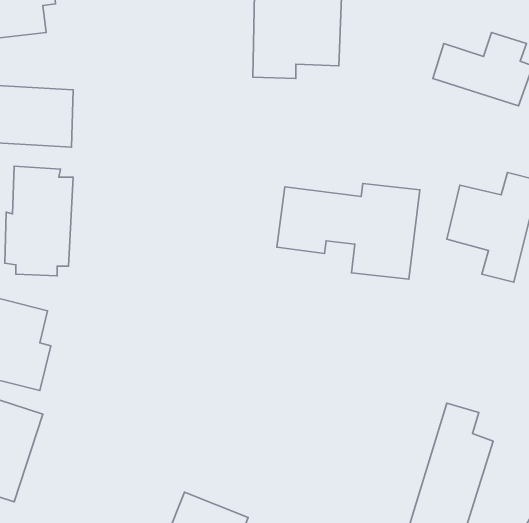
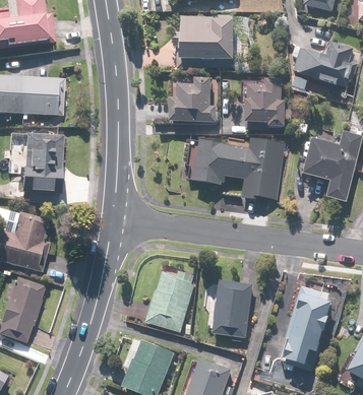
building: none -> [244,77,285,127]
building: none -> [170,78,218,125]
building: none -> [146,265,199,332]
building: none -> [213,279,251,335]

